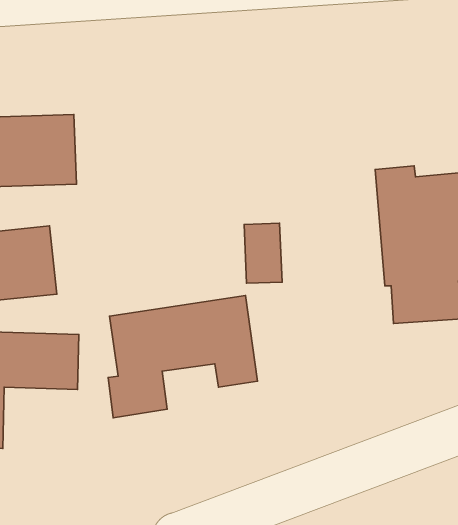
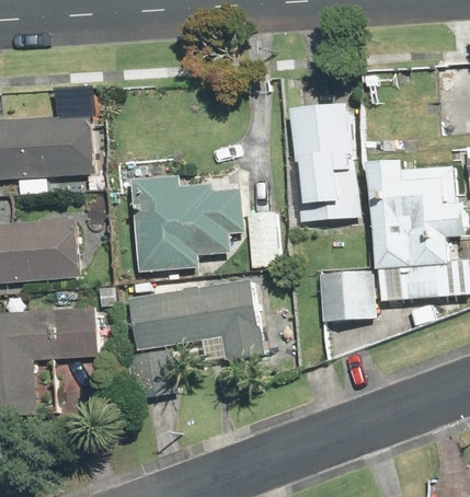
building: none -> [289,107,360,220]
building: none -> [133,176,243,270]
building: none -> [319,268,378,322]

